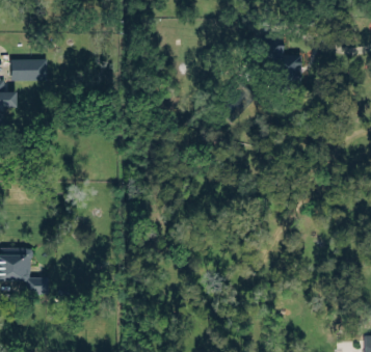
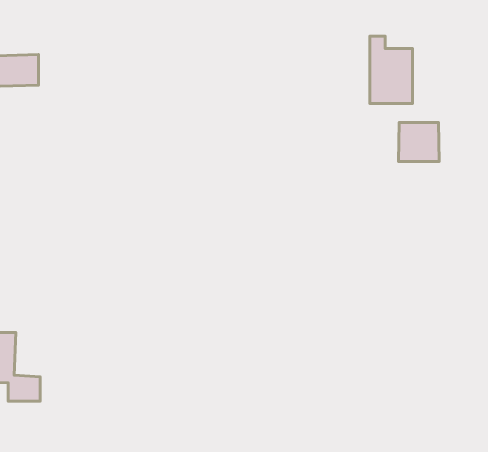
building: none -> [399,123,439,161]

